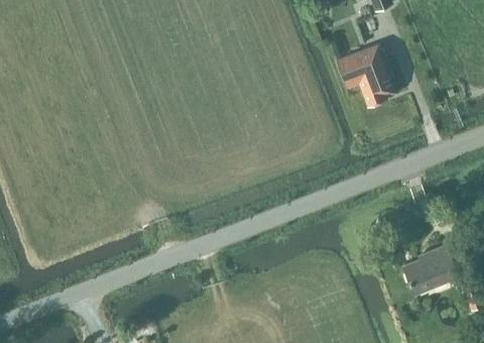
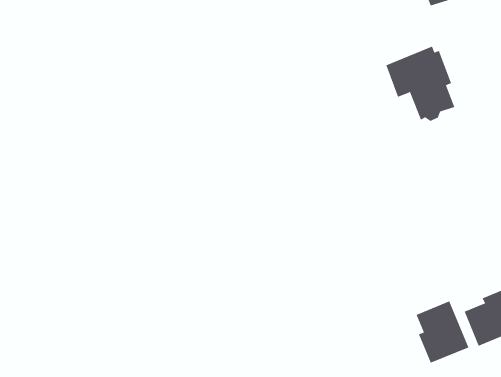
building: none -> [416,301,469,364]

